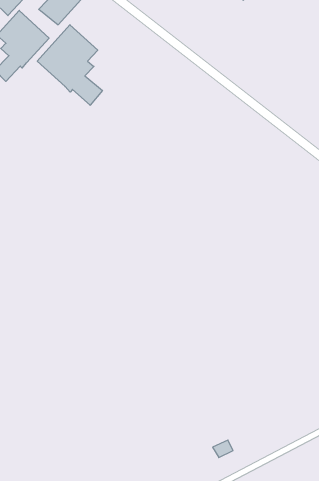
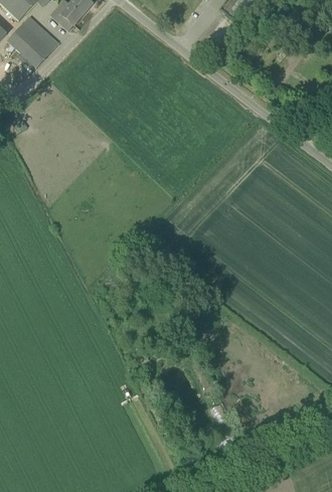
building: [37,25,102,105] -> none

